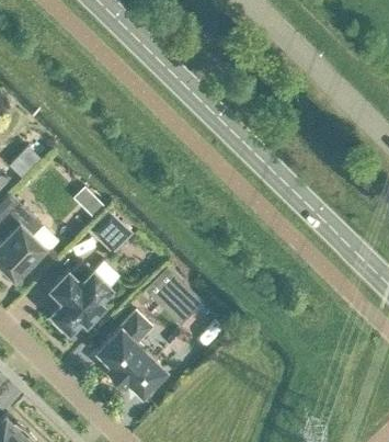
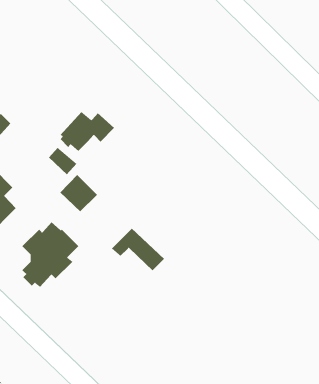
building: none -> [60,111,115,152]
building: [96,314,163,396] -> none

